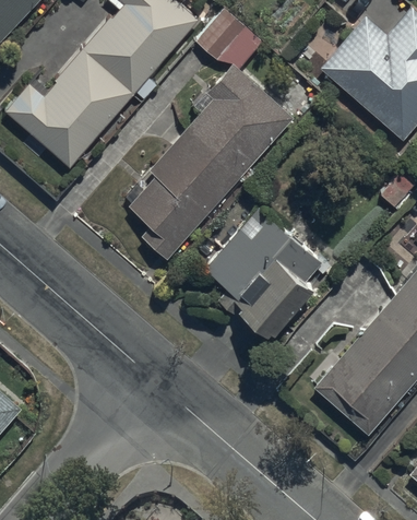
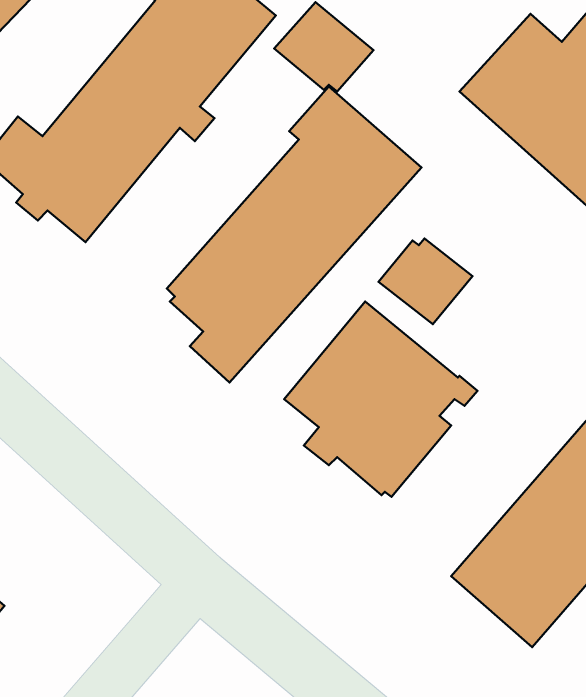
building: none -> [379,238,473,324]

